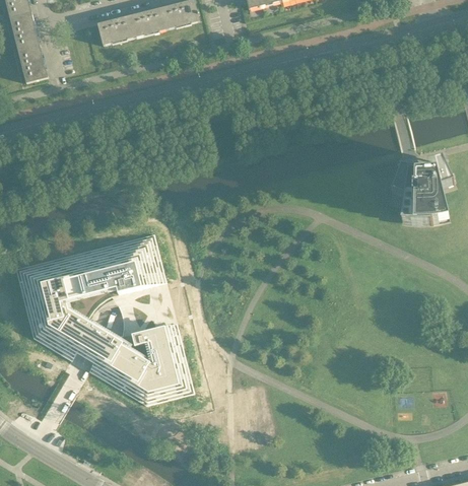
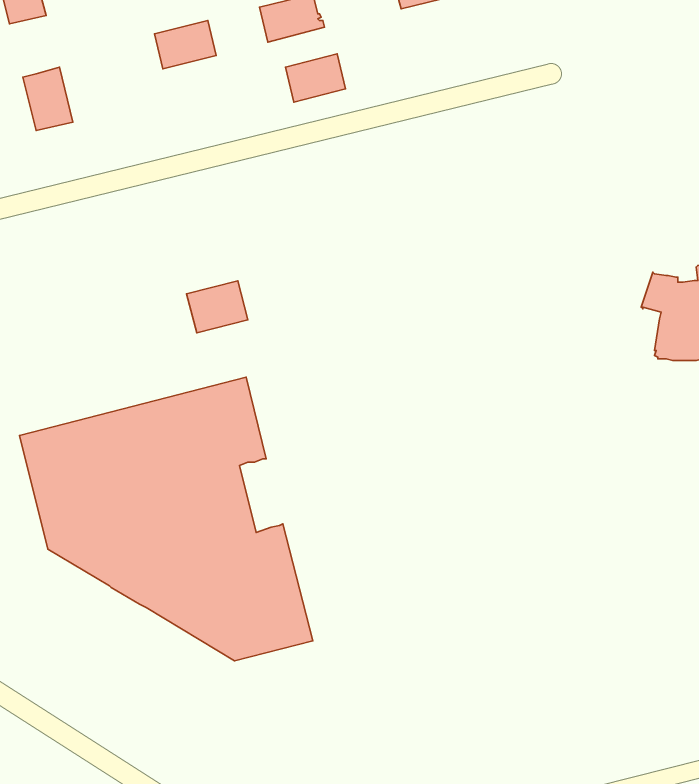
building: [130,8,166,38] -> [285,54,345,102]
building: [9,13,40,51] -> none
building: none -> [187,281,248,333]

